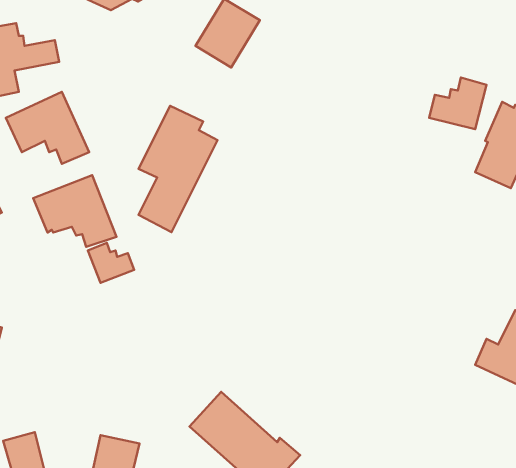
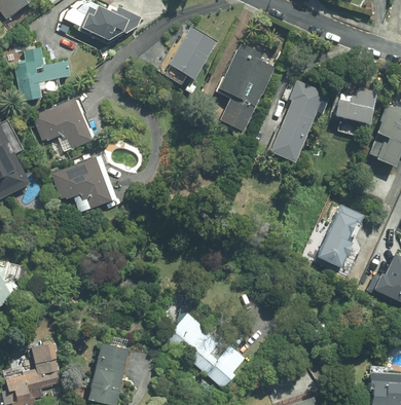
building: none -> [269,81,325,162]
building: [139,106,217,232] -> [219,43,276,134]
building: none -> [317,205,365,267]
building: [88,243,134,283] -> none

